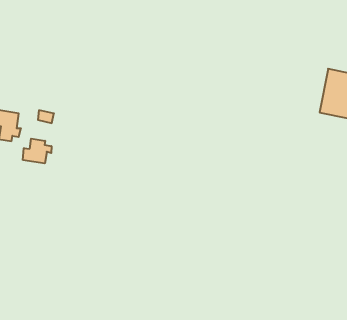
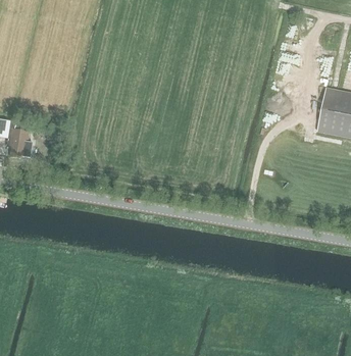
building: [23,139,51,163] -> none

